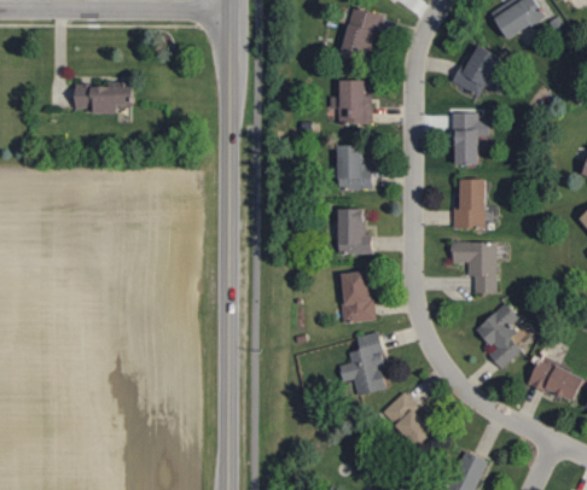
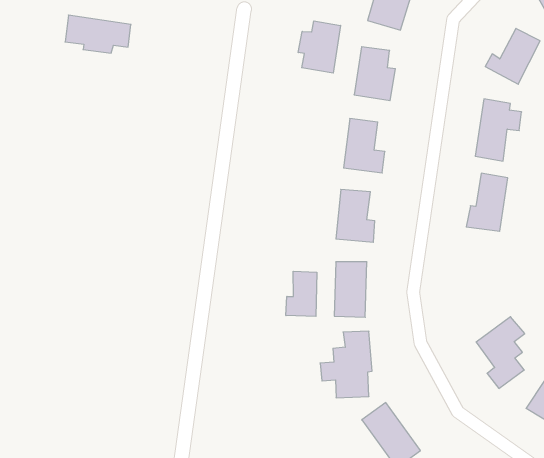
building: none -> [298,21,341,73]
building: [451,241,496,293] -> none
building: none -> [286,271,317,316]

